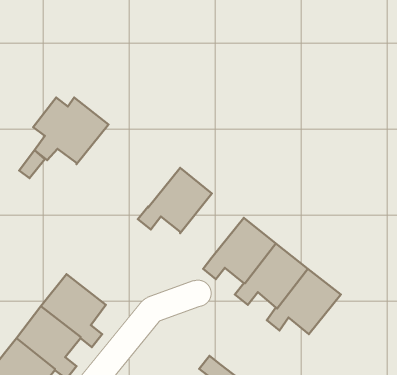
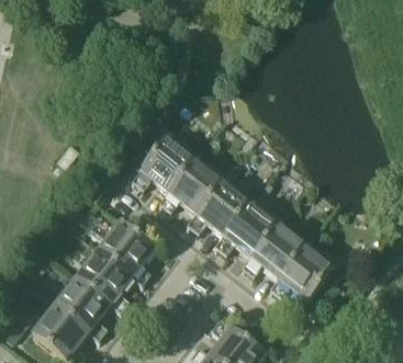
building: [33,98,109,164] -> [131,136,195,193]
building: none -> [187,181,250,236]
building: none -> [98,222,154,285]

